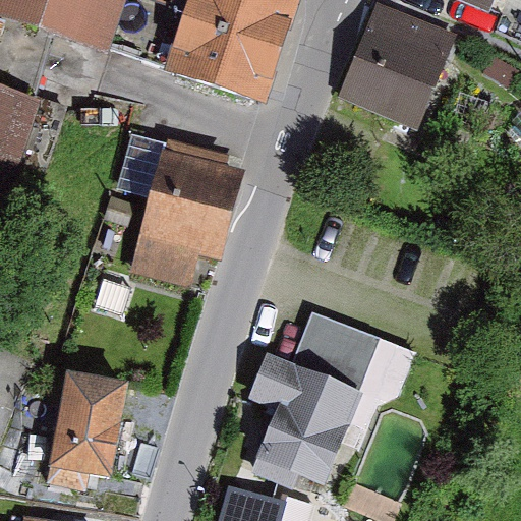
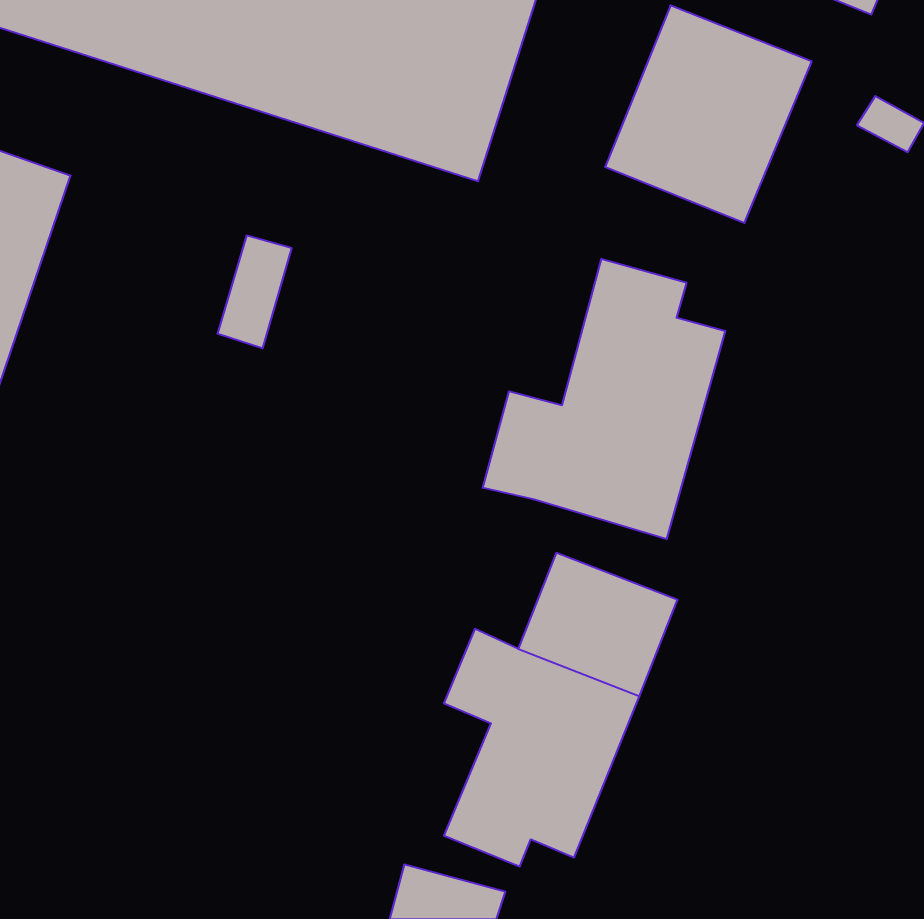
building: none -> [483,259,725,539]
building: [131,152,240,290] -> none
building: [47,369,127,488] -> none

